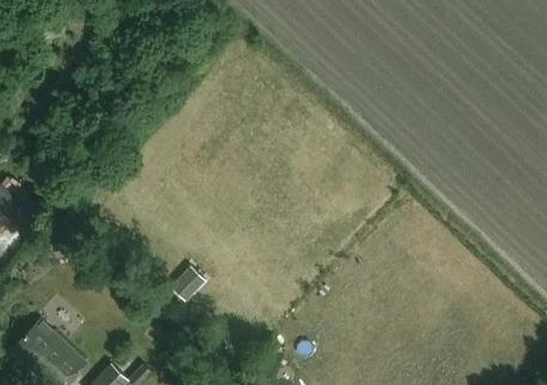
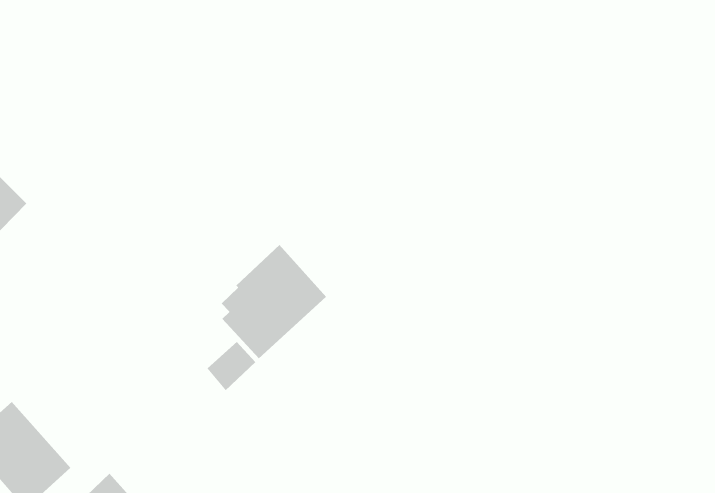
building: none -> [221,244,327,359]

